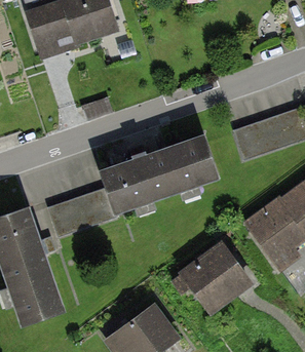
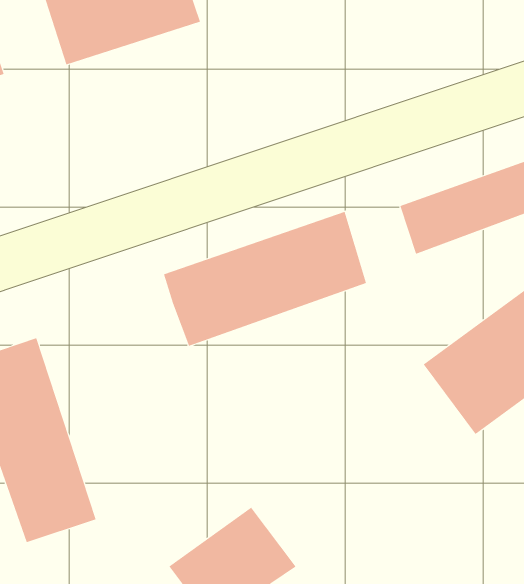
building: [46,188,114,236] -> none
building: [181,245,246,309] -> none

